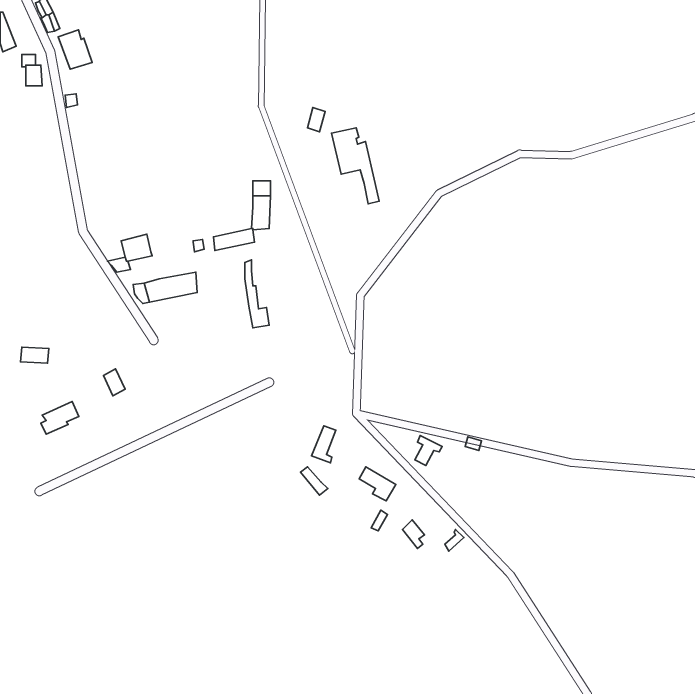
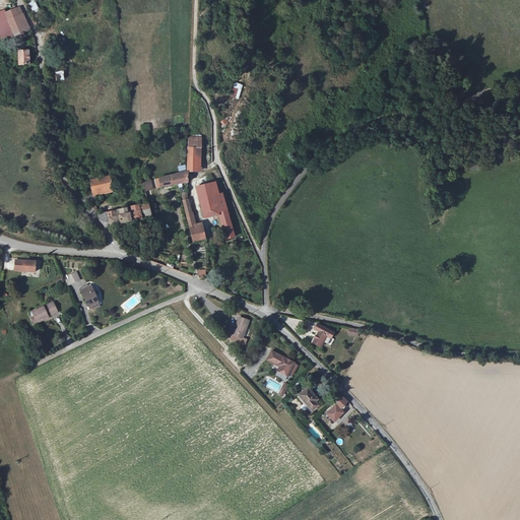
building: [58,30,92,69] -> [4,5,29,35]
building: [332,128,379,204] -> [194,187,230,244]

